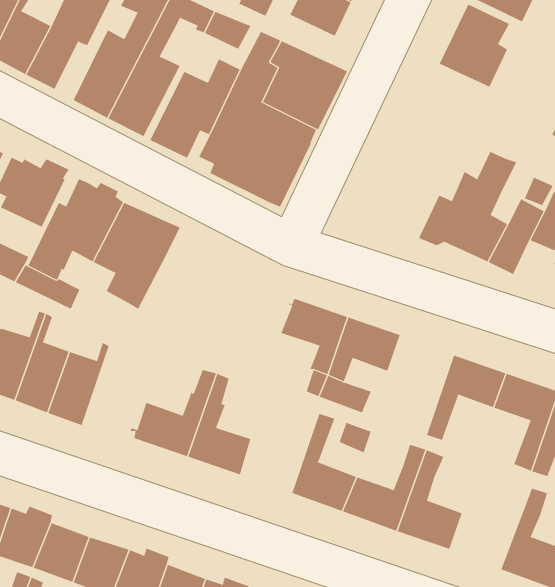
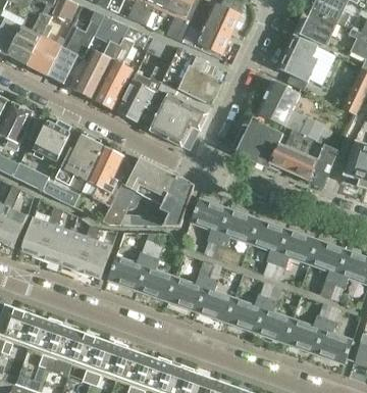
building: none -> [257,80,307,133]
building: none -> [232,119,282,165]
building: none -> [103,157,194,225]
building: none -> [250,220,286,277]
building: none -> [78,227,111,279]
building: none -> [167,261,211,309]
building: none -> [284,302,330,352]

